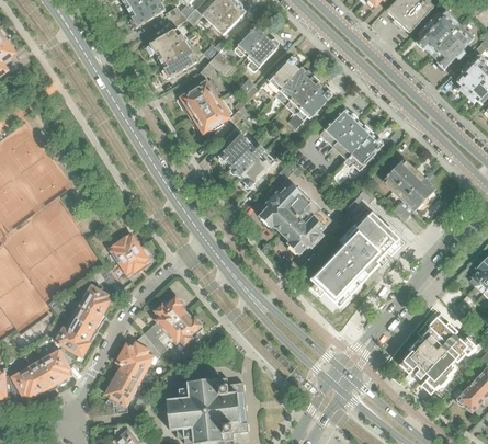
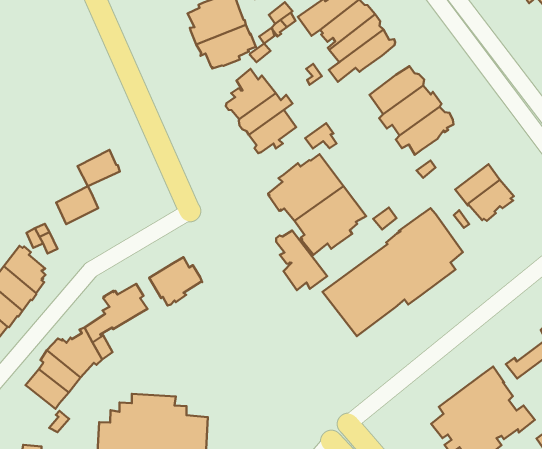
building: [378,159,412,191] -> none
building: none -> [276,230,327,290]
building: [118,247,149,275] -> [78,150,120,186]
building: [164,312,203,349] -> [149,257,202,305]
building: [105,383,133,413] -> none

